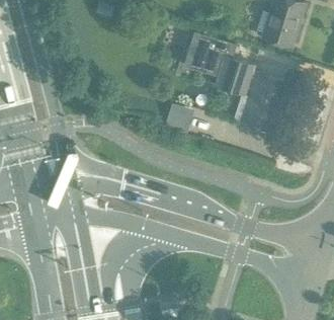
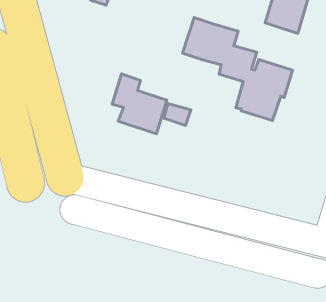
building: none -> [112,74,167,134]

